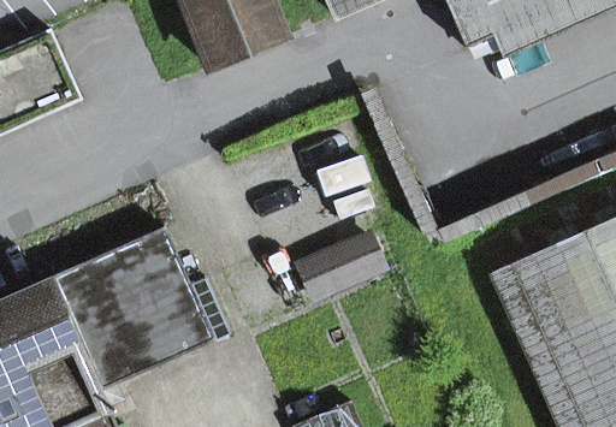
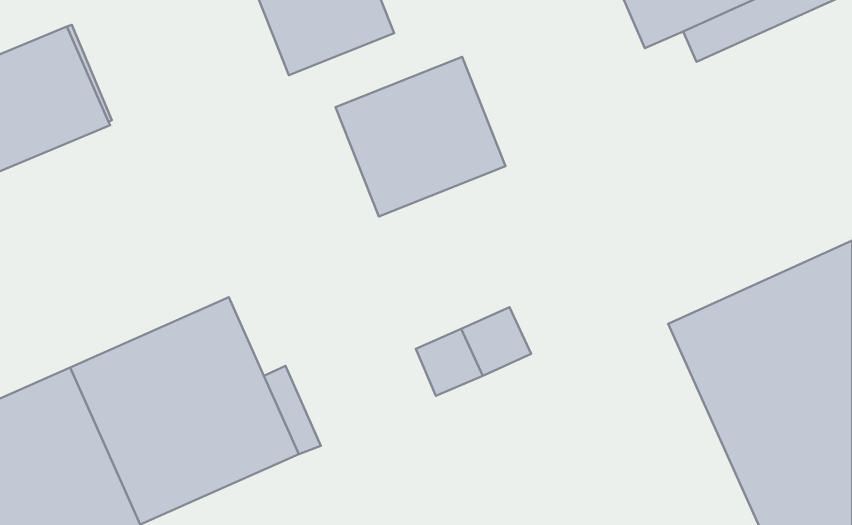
building: none -> [336,57,506,216]

